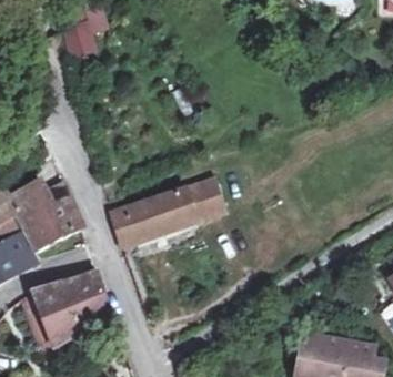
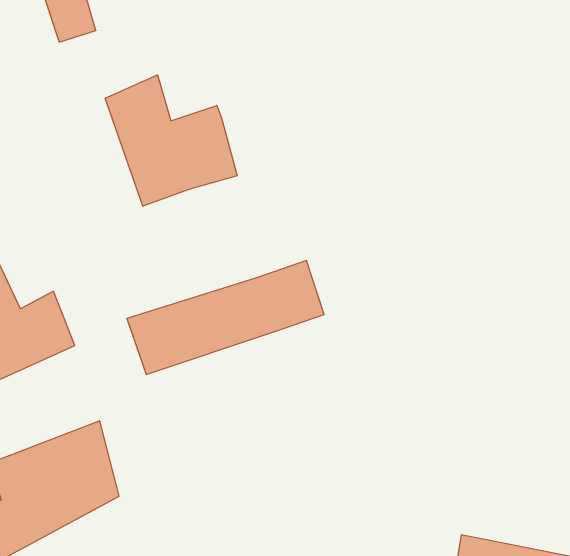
building: none -> [105,75,237,206]

